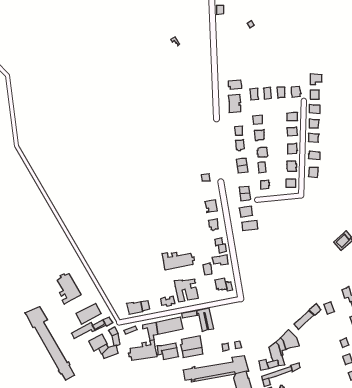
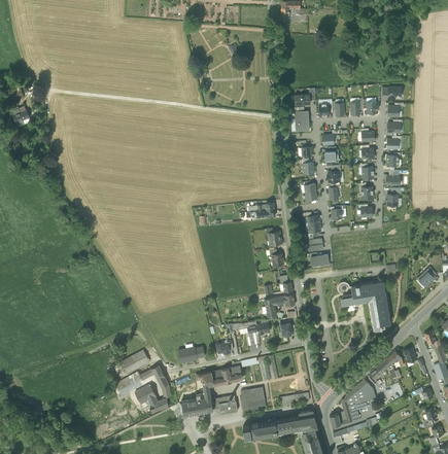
building: none -> [338,281,389,329]
building: [162,252,194,270] -> none
building: [57,274,81,304] -> none
building: [25,307,75,380] -> none

